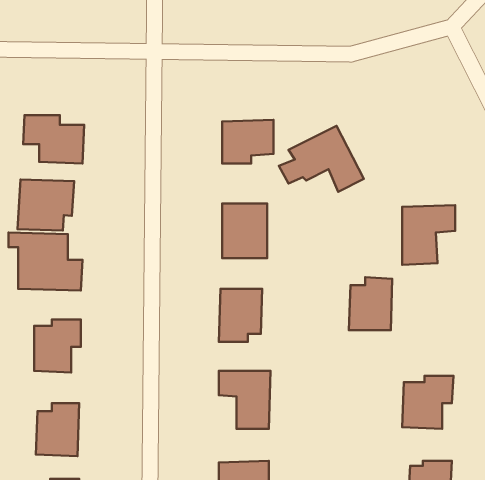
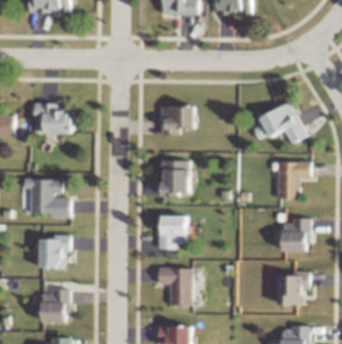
building: [279,126,364,192] -> [252,102,307,144]
building: [18,179,74,230] -> none
building: [349,277,392,330] -> [282,217,310,251]

